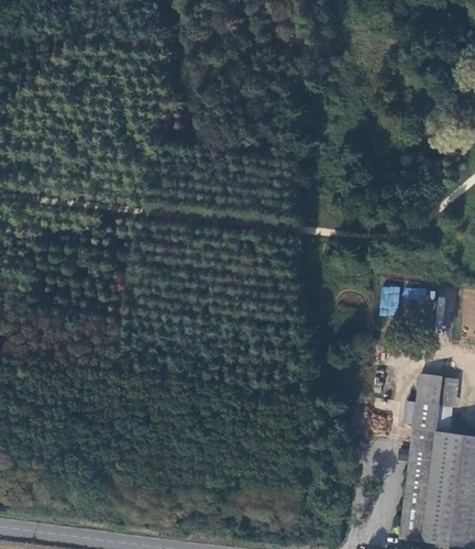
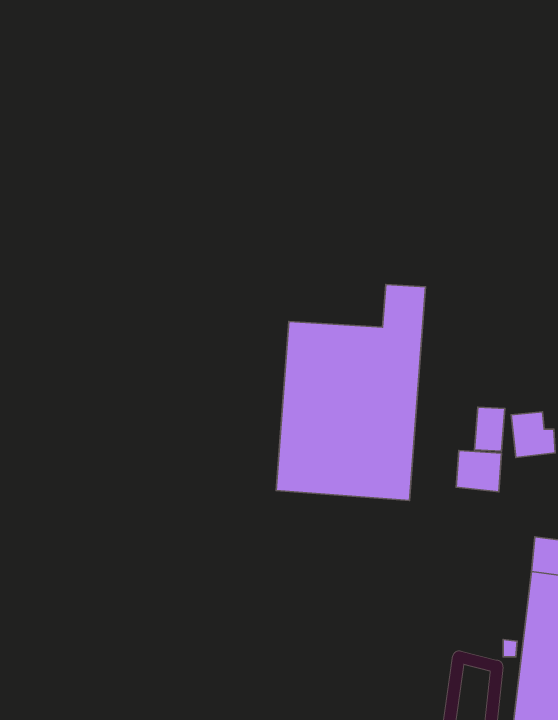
building: none -> [276,284,426,500]
building: none -> [456,450,502,492]

